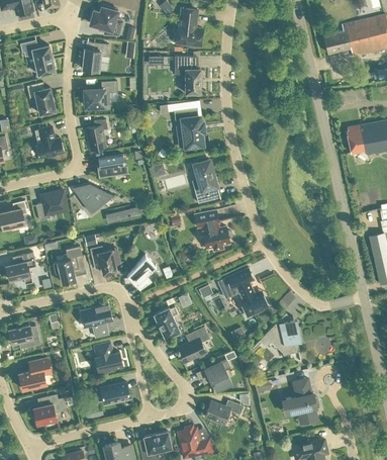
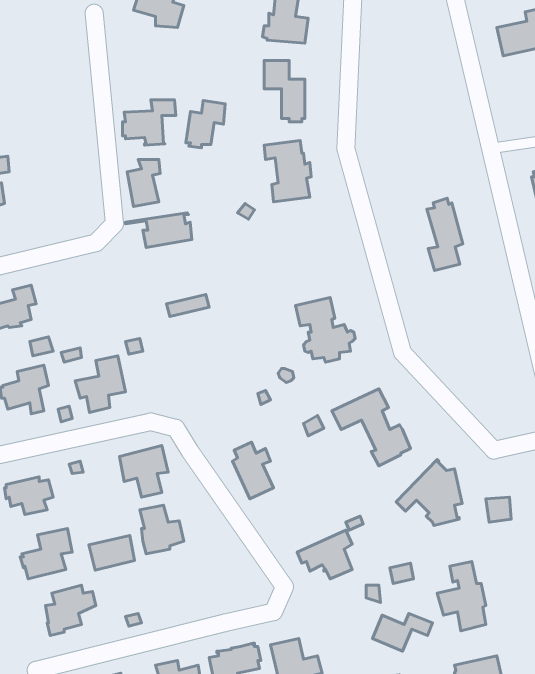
building: [20,40,55,75] -> none
building: [82,42,107,73] -> [186,101,225,148]
building: [26,83,56,115] -> none
building: [37,127,63,158] -> none
building: [193,157,216,203] -> [427,198,463,271]
building: [72,184,114,213] -> none
building: [35,190,67,220] -> none
building: [90,247,119,274] -> none
building: [126,255,156,289] -> none
building: [176,327,208,363] -> none
building: [100,382,129,404] -> [89,535,135,570]
building: [204,400,243,425] -> [373,614,432,651]

